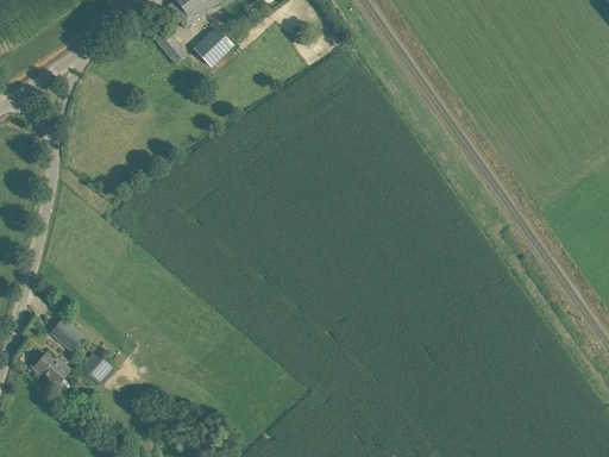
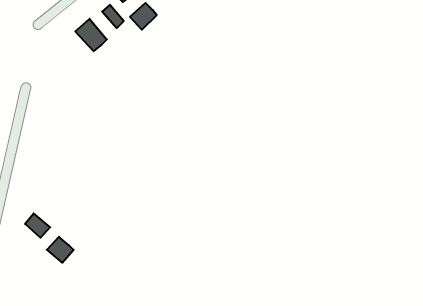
building: none -> [75,19,107,51]
building: [29,353,70,392] -> none

